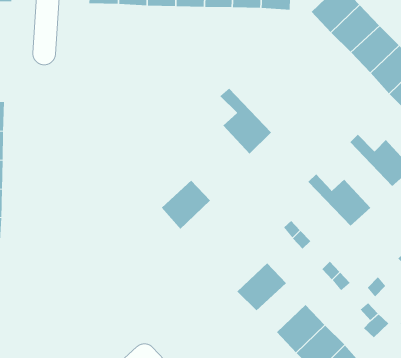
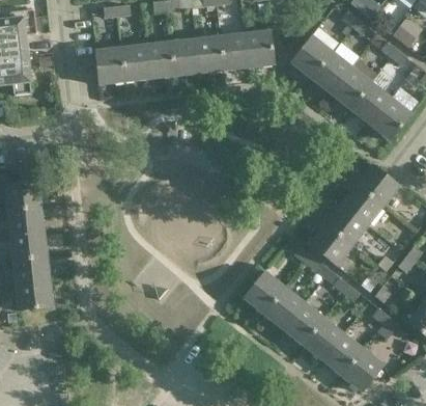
building: [220,88,272,155] -> [303,212,352,267]
building: none -> [334,172,384,226]
building: [161,180,211,230] -> [243,271,285,316]
building: none -> [282,302,323,346]

